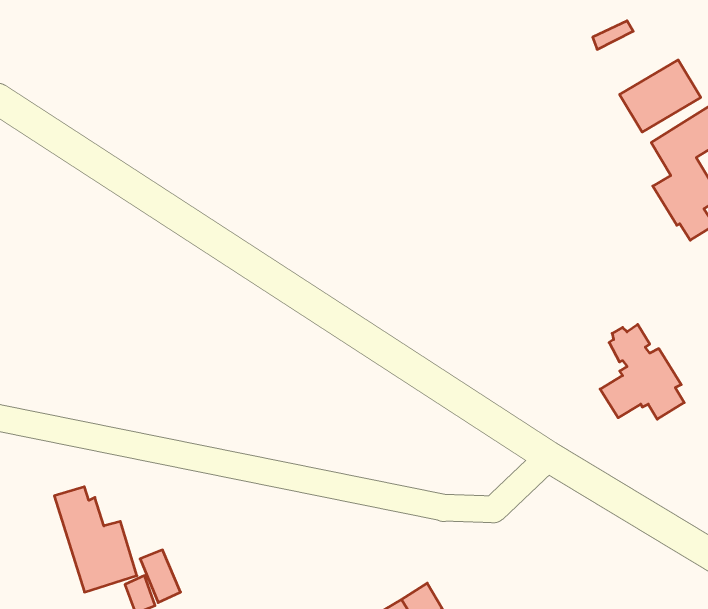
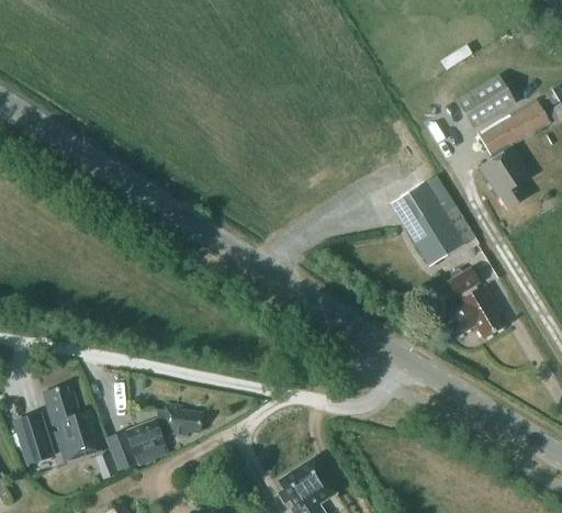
building: none -> [392,182,464,265]
building: none -> [128,406,204,466]
building: none -> [15,413,54,462]

